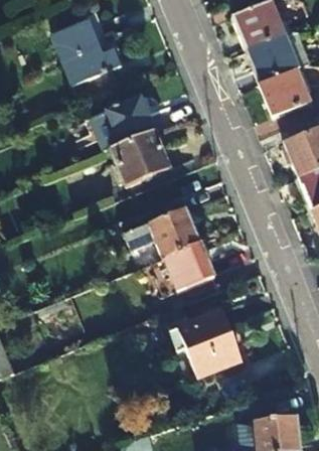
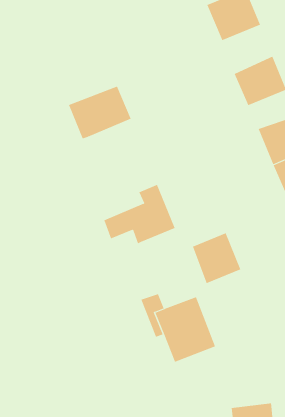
building: [53,19,120,85] -> none
building: [247,36,300,86] -> none
building: [113,131,171,185] -> none
building: [166,241,215,292] -> [192,233,241,284]

